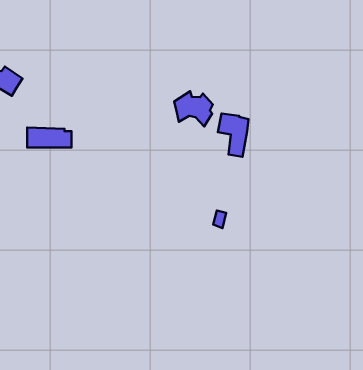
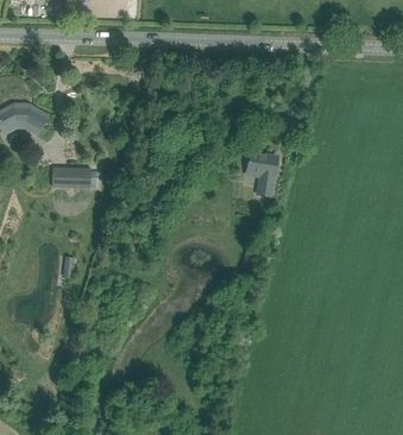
building: [174,91,213,126] -> none

